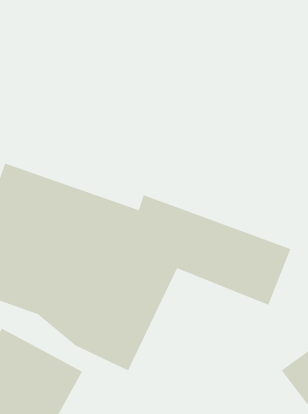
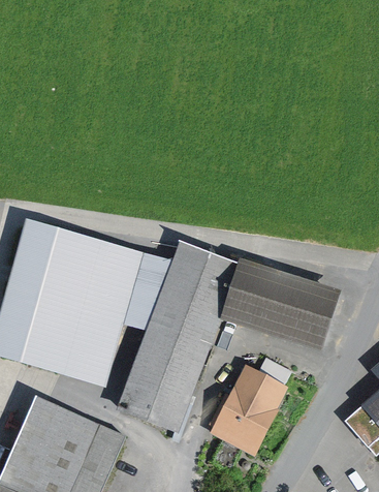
building: none -> [211,365,285,456]

